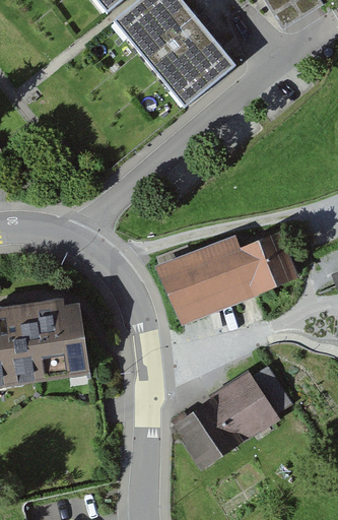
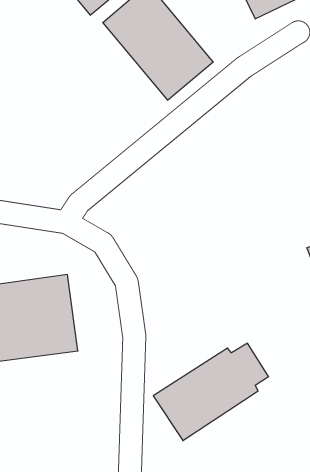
building: [156,233,298,325] -> none

